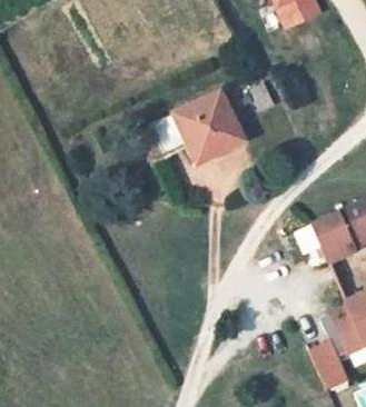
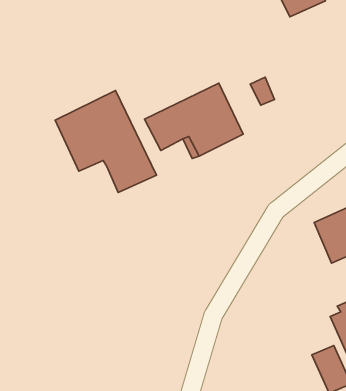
building: none -> [55,90,157,192]

